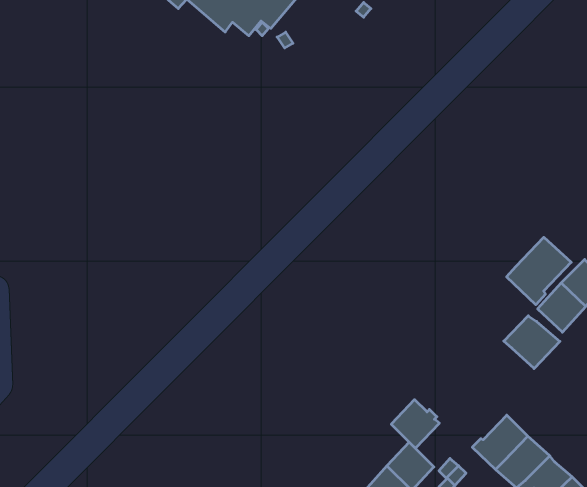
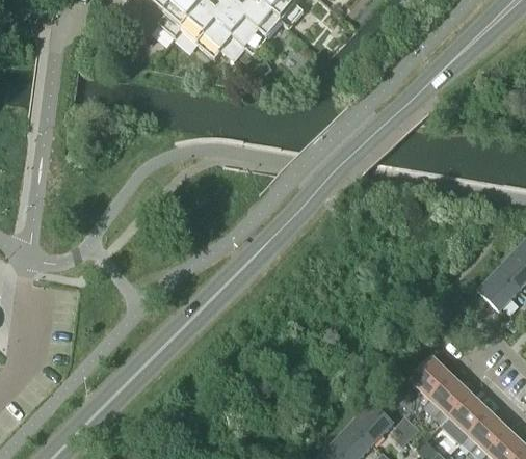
building: [507,237,571,305] -> none
building: [504,316,560,369] -> none
building: [391,400,439,448] -> [412,357,452,398]

